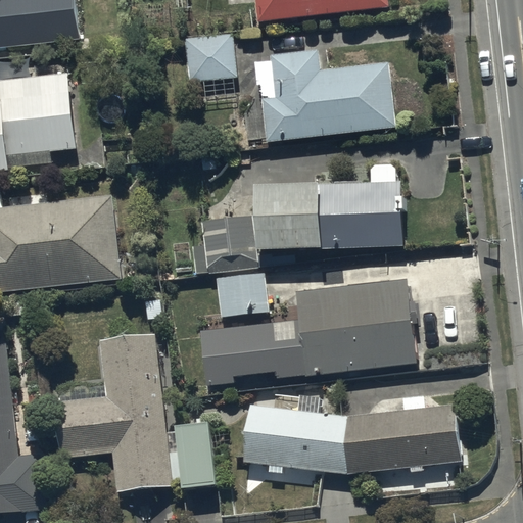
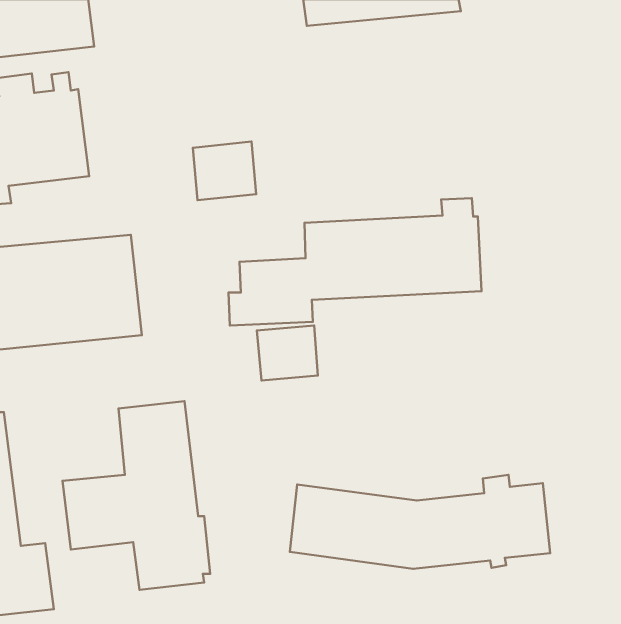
building: [183,34,236,83] -> [193,142,256,200]
building: [259,49,394,143] -> none
building: [199,280,417,384] -> none
building: [174,422,216,488] -> none

